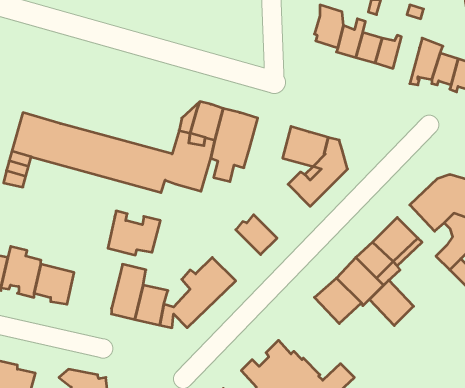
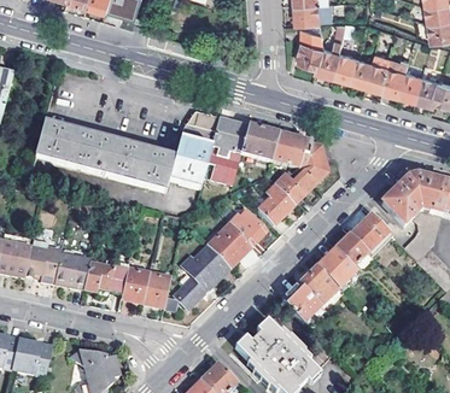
building: none -> [366,53,391,98]
building: none -> [240,128,276,163]
building: none -> [256,186,293,225]
building: [108,211,160,255] -> [81,258,127,297]
building: none -> [205,225,250,270]
building: [369,280,414,326] -> [280,285,318,324]

